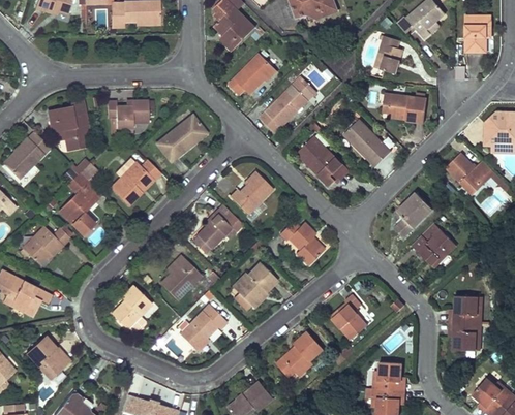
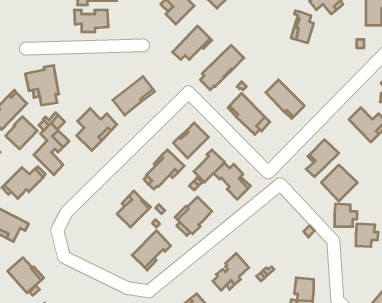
building: [388,92,427,123] -> none
building: [107,101,149,128] -> [74,10,108,32]
building: none -> [6,117,37,149]
building: none -> [194,150,225,182]
building: [111,285,151,329] -> none
building: [330,294,367,340] -> none
building: [453,322,481,350] -> [334,204,357,227]

